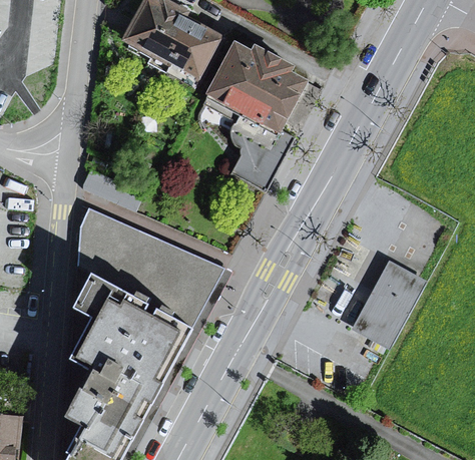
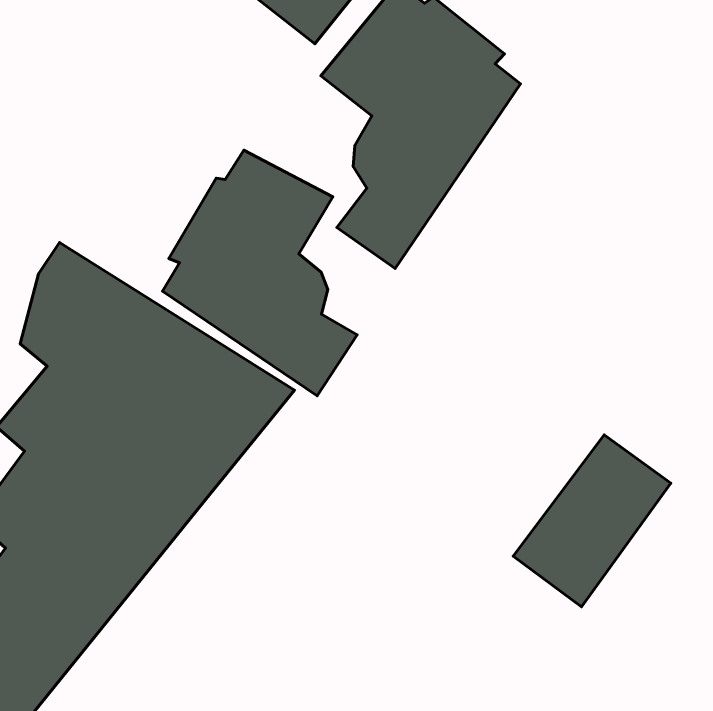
building: none -> [163,150,357,396]

